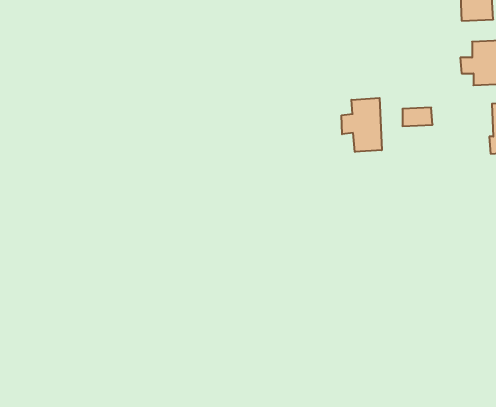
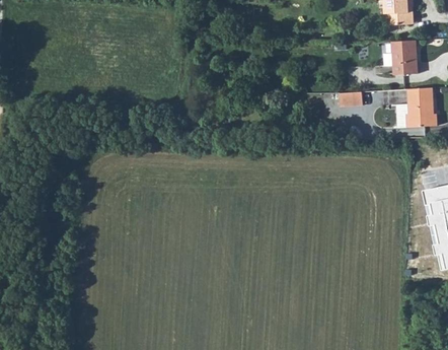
building: [342,98,382,152] -> none

